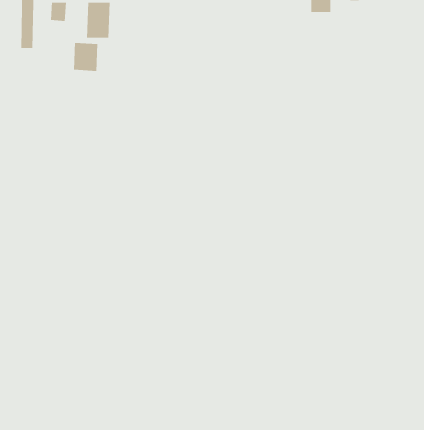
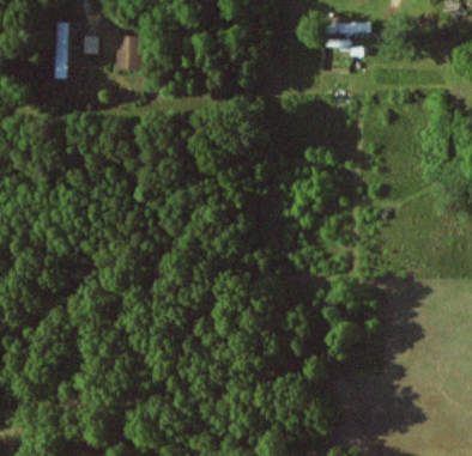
building: [73,42,98,72] -> none

